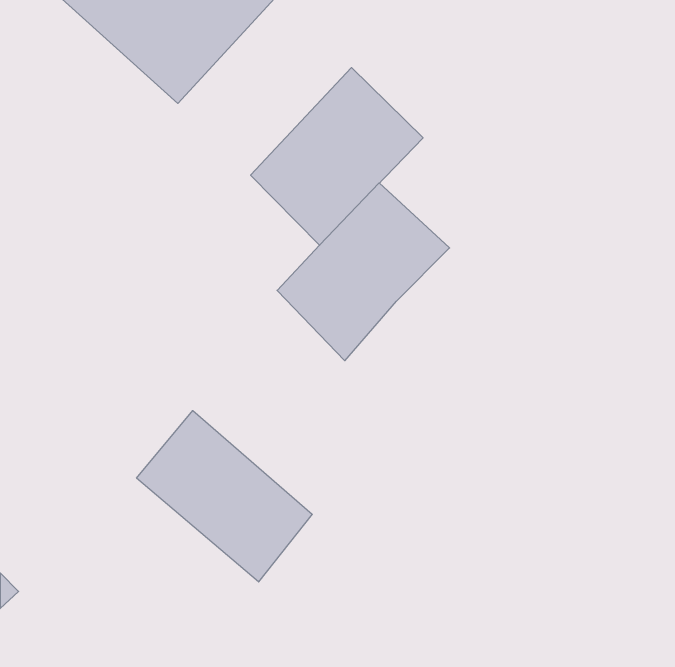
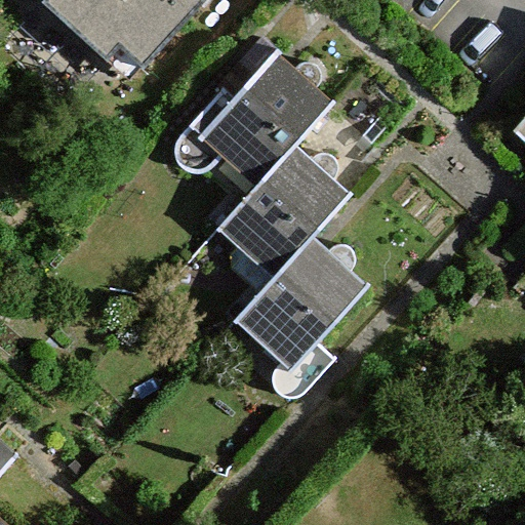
building: none -> [234,233,362,370]
building: [137,411,312,582] -> none

